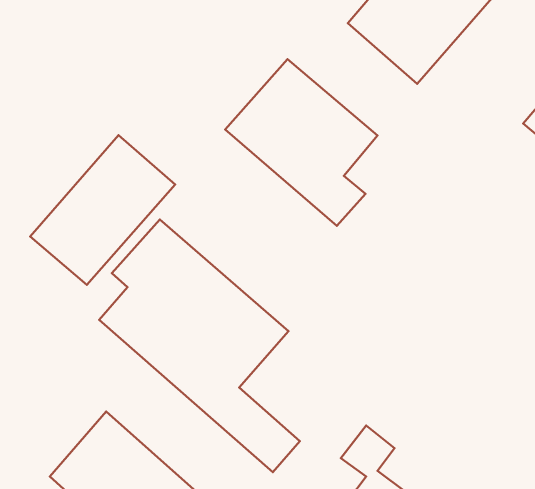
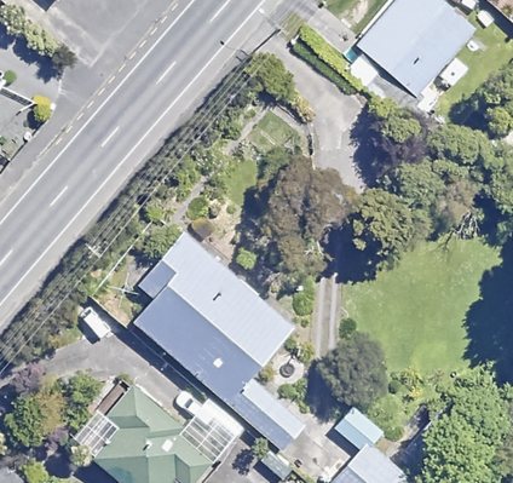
building: [225,59,378,226] -> none
building: [30,135,175,285] -> none

